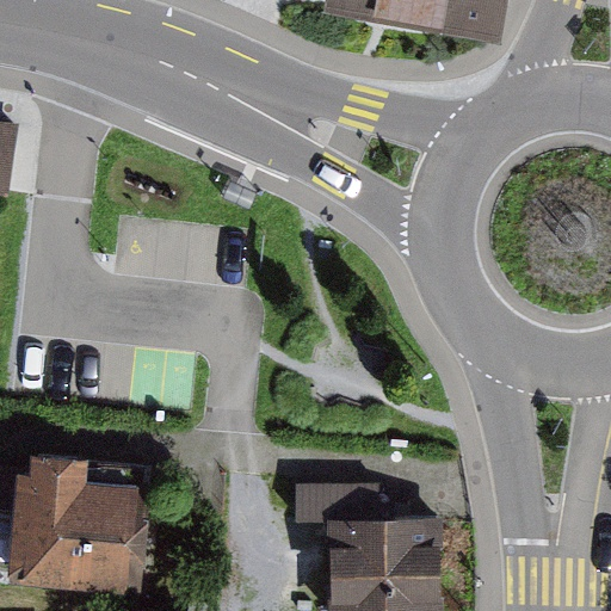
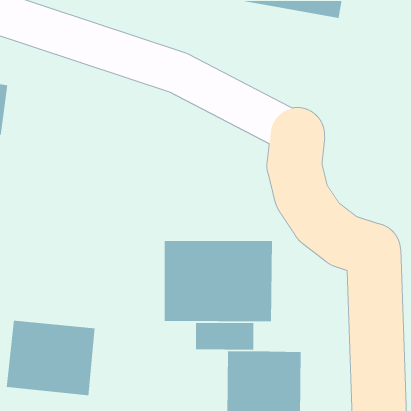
building: none -> [164,240,273,322]

